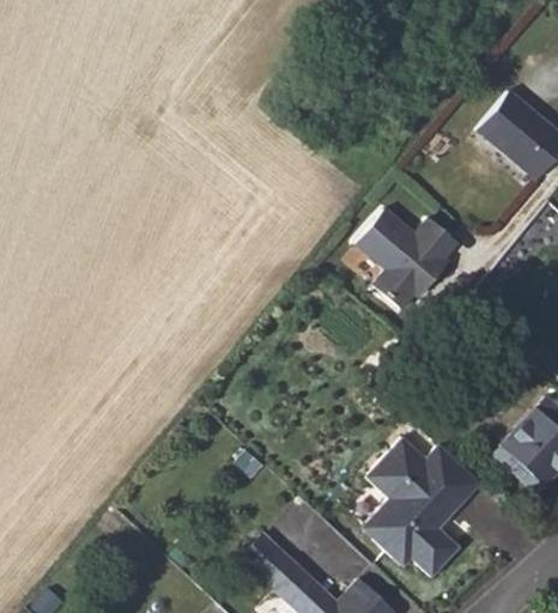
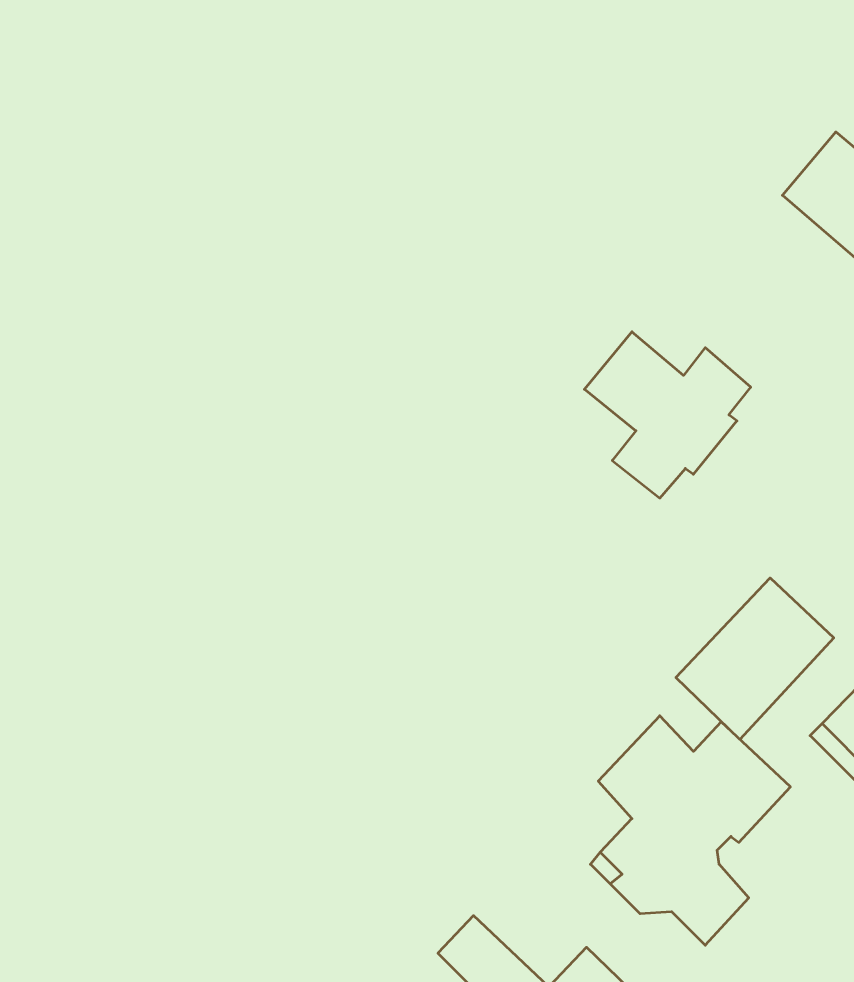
building: none -> [676,578,834,739]
building: [243,536,291,584] -> none

